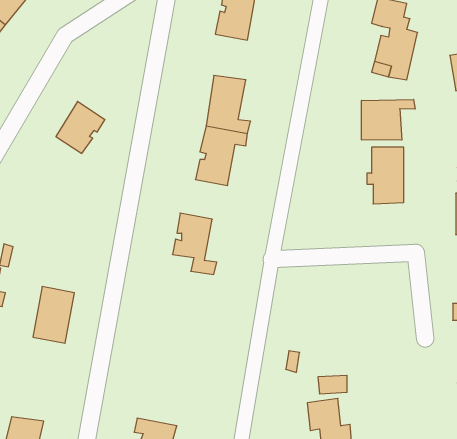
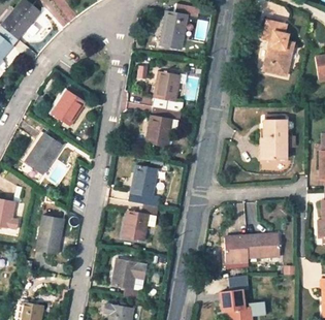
building: [362,99,415,140] -> none
building: none -> [25,133,62,173]
building: none -> [122,204,158,241]
building: none -> [225,234,281,262]
building: none -> [111,259,143,298]

